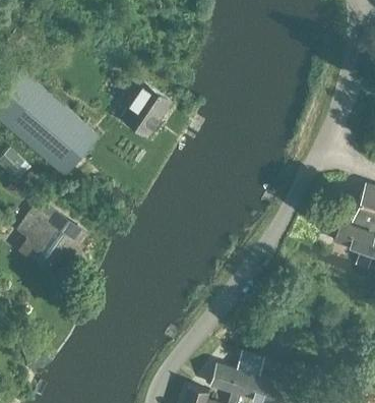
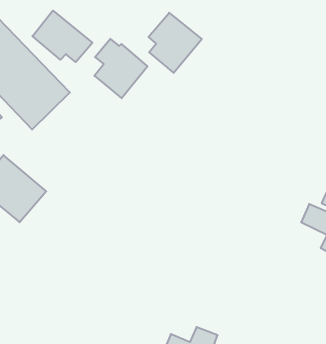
building: none -> [149,13,202,73]
building: none -> [32,11,92,62]

